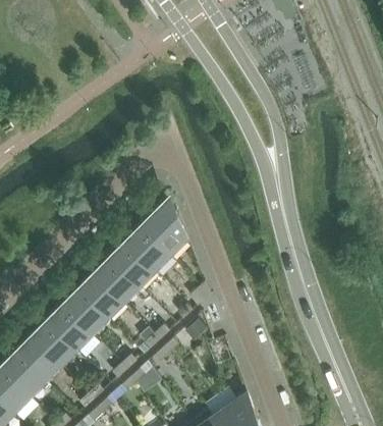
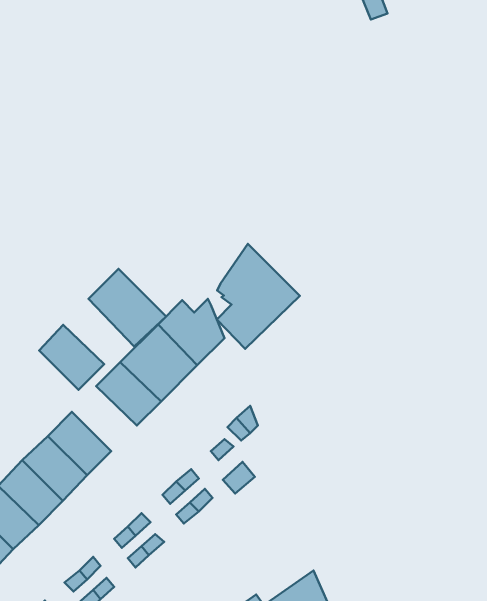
building: none -> [217,244,300,349]
building: none -> [89,269,166,346]
building: [83,270,126,314] -> [39,325,104,390]

